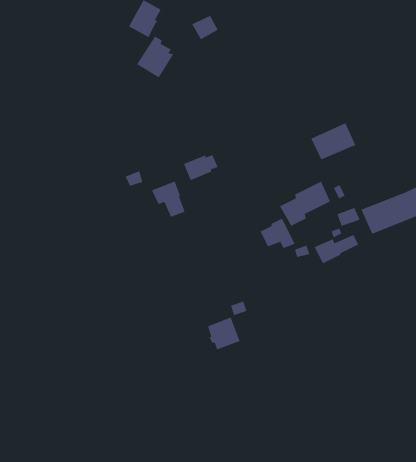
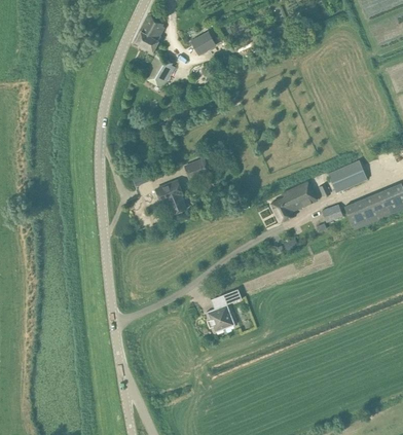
building: [310,122,356,160] -> [327,159,368,193]
building: [260,218,295,249] -> none
building: [314,234,359,264] -> none

